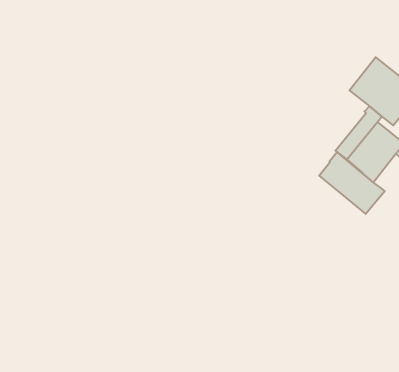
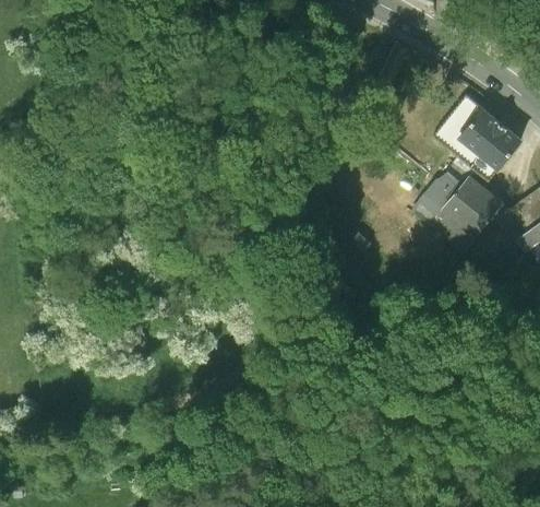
building: [319,152,385,214] -> none

